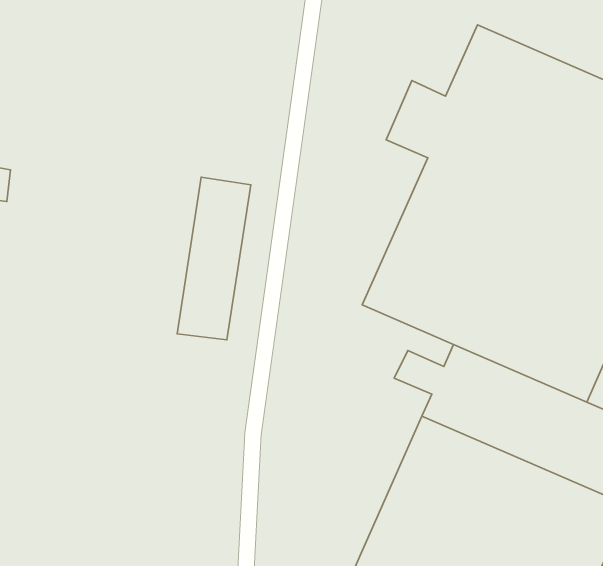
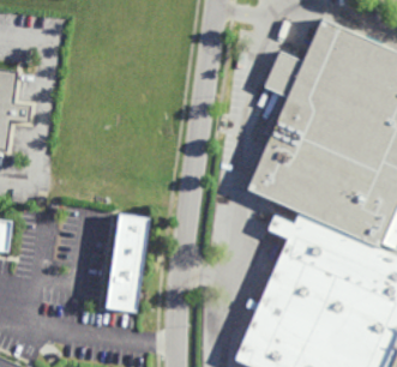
building: [177,177,251,340] -> [106,215,150,313]

